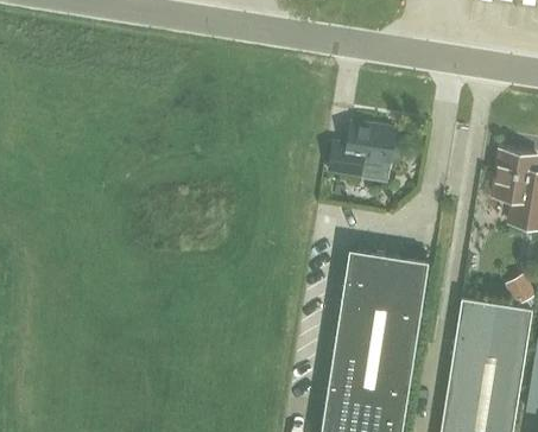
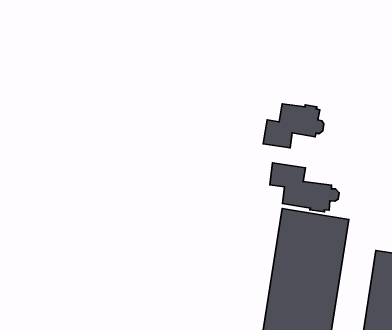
building: none -> [270,163,339,212]

